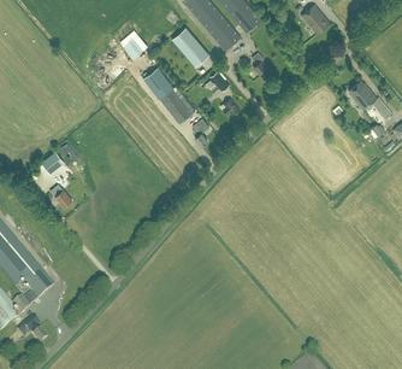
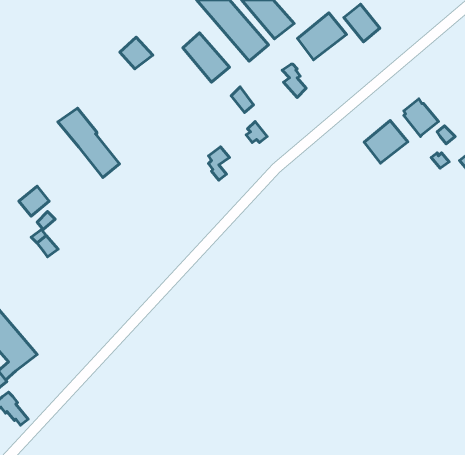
building: none -> [297,13,347,60]
building: [142,68,191,123] -> [58,108,120,177]
building: none -> [364,120,408,163]

